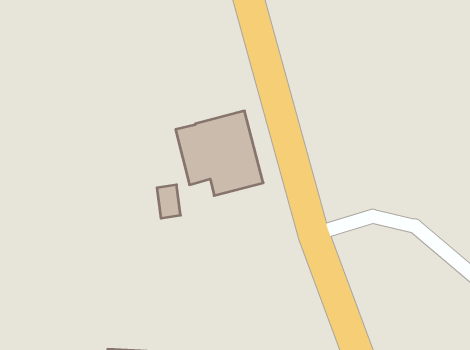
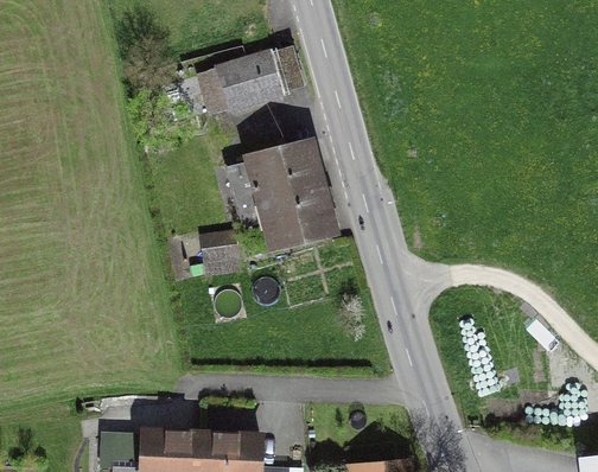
building: none -> [198,51,282,114]

